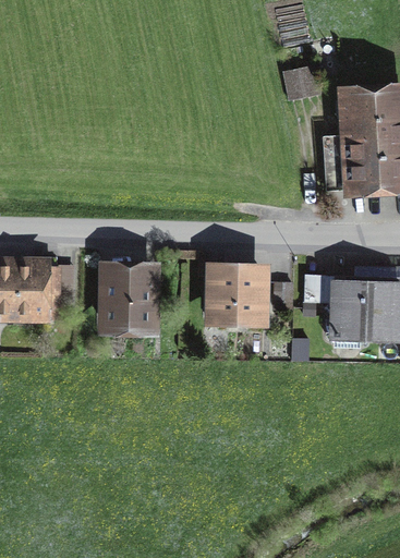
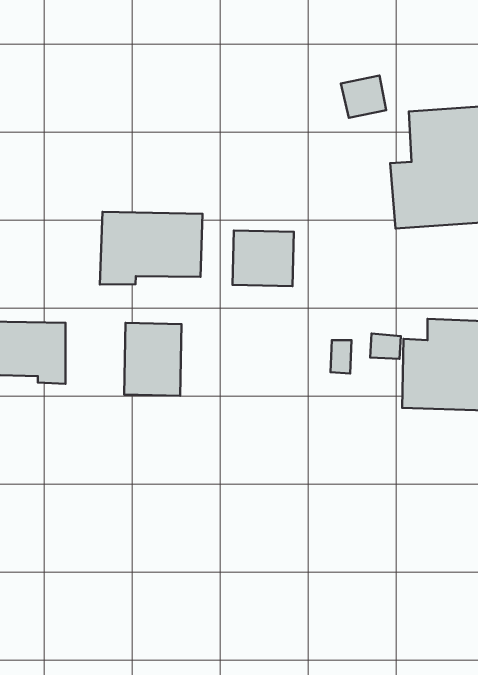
building: none -> [100,212,203,284]
building: [213,270,263,316] -> [233,230,294,286]

